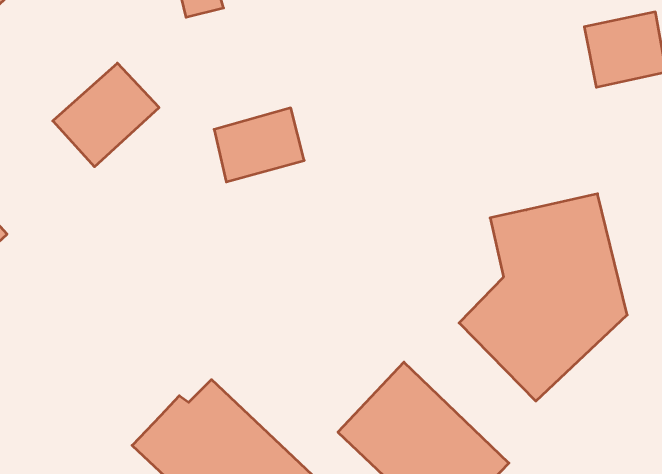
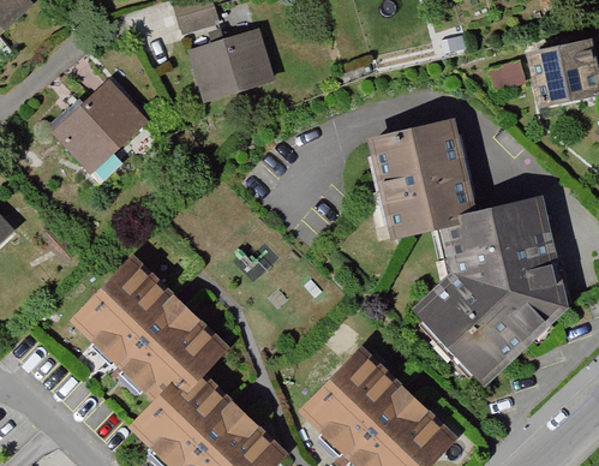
building: none -> [369,119,474,234]
building: [214,108,304,182] -> [192,31,272,97]
building: none -> [67,256,216,396]

